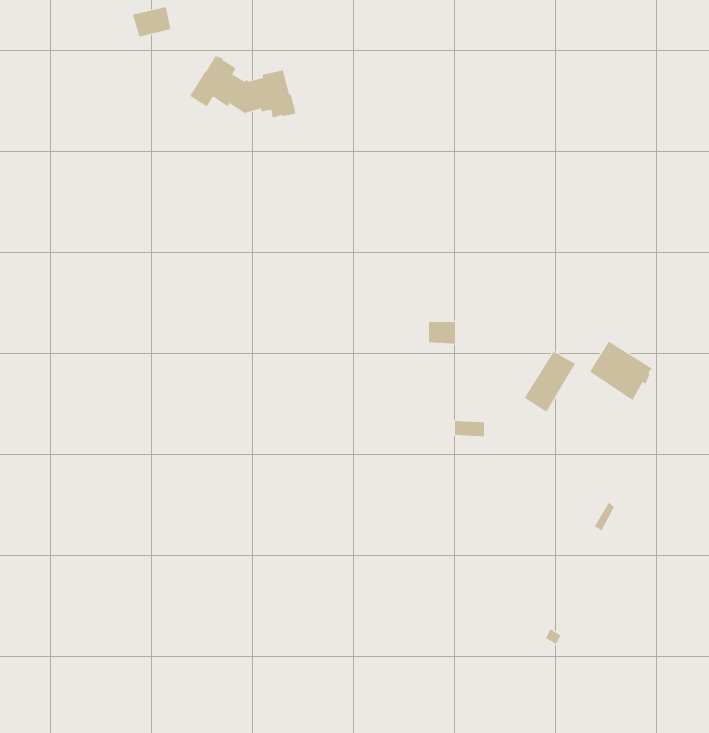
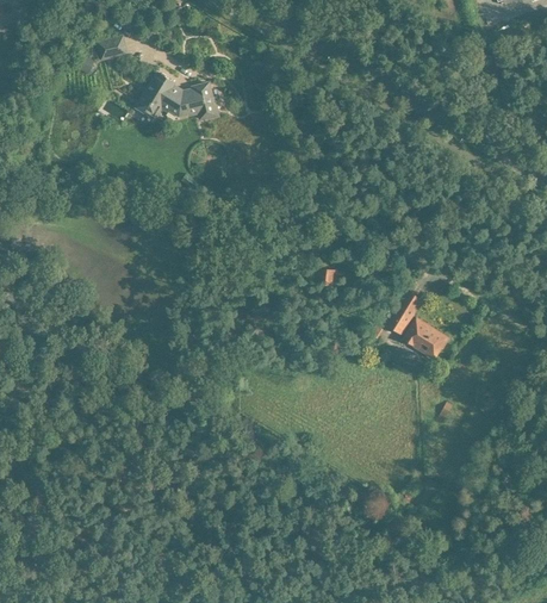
building: [589,341,652,401] -> [403,316,449,360]

